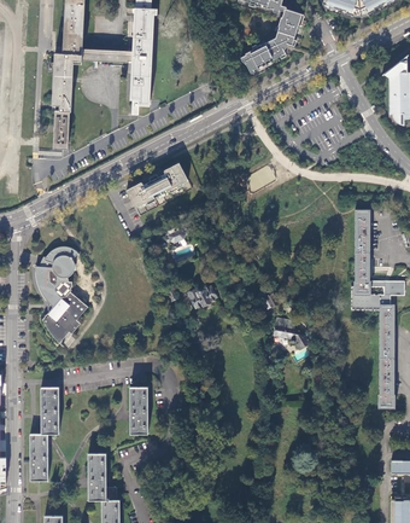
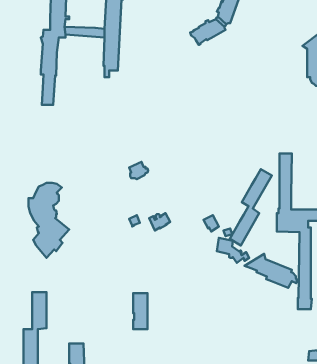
building: [127,163,192,216] -> none
building: none -> [230,169,272,245]
building: none -> [245,254,297,288]
building: [130,387,148,432] -> [133,293,148,329]

